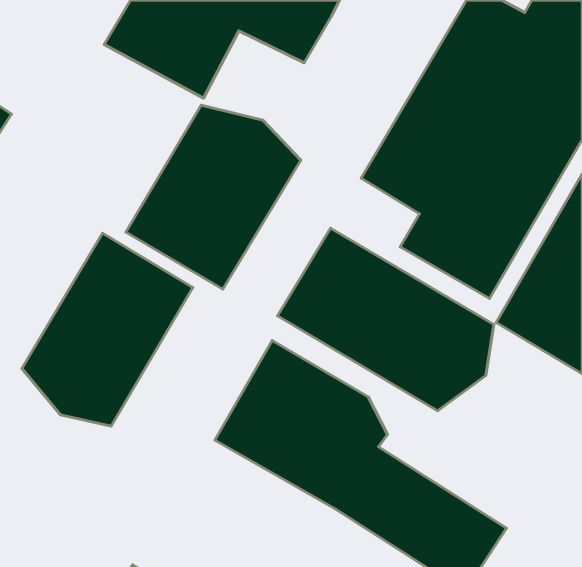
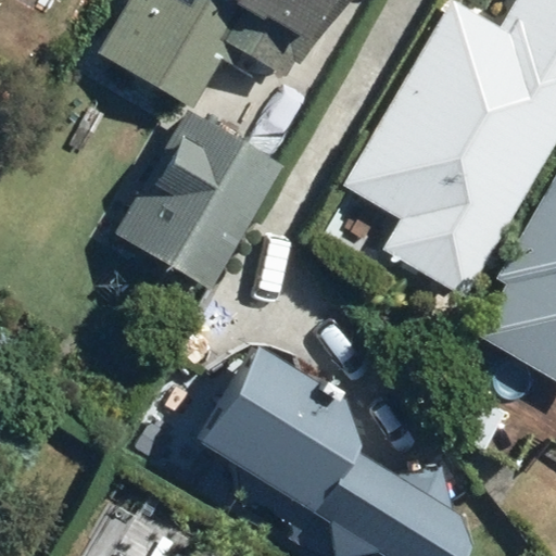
building: [278,228,494,411] -> none
building: [22,233,193,426] -> none

